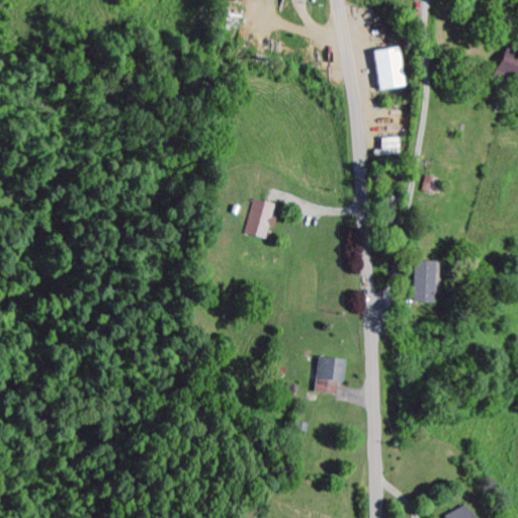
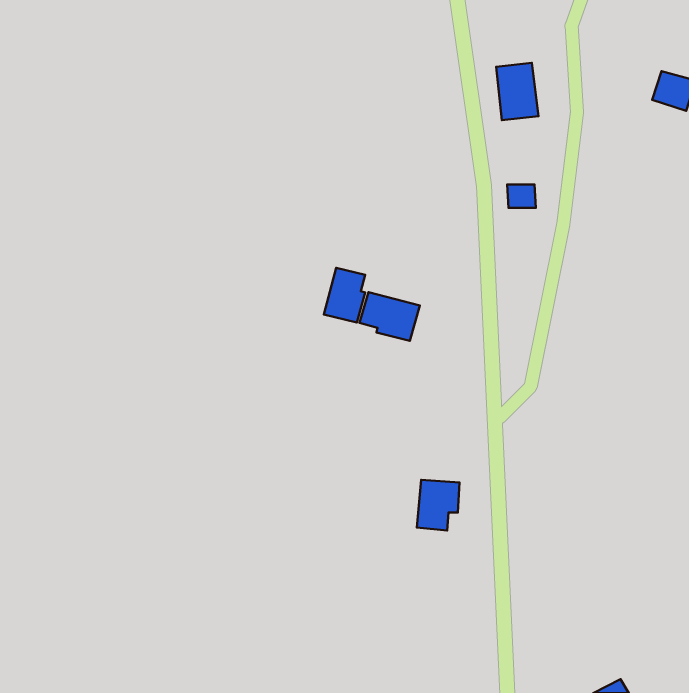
building: none -> [360,292,420,341]
building: [413,261,435,303] -> none

